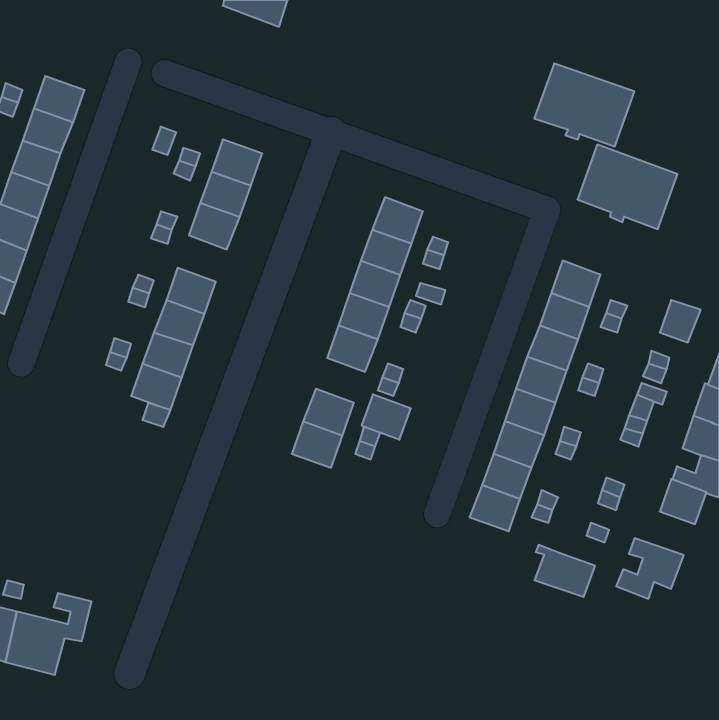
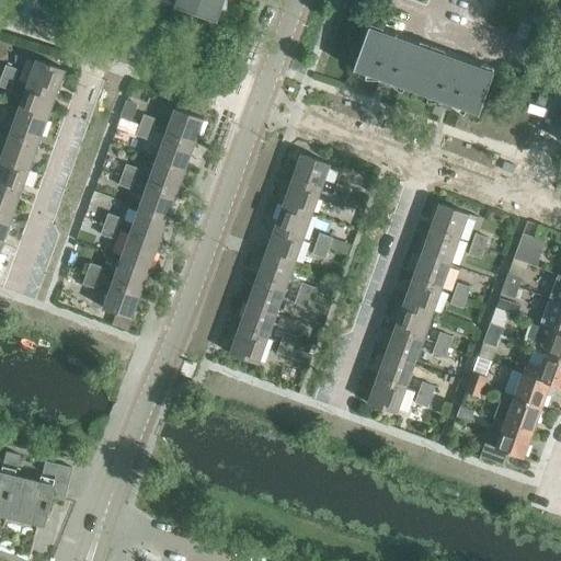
building: [577,145,678,229] -> [353,26,431,92]
building: none -> [138,183,176,219]
building: [362,394,411,440] -> [245,278,284,313]
building: [534,545,595,597] -> [493,391,540,432]

